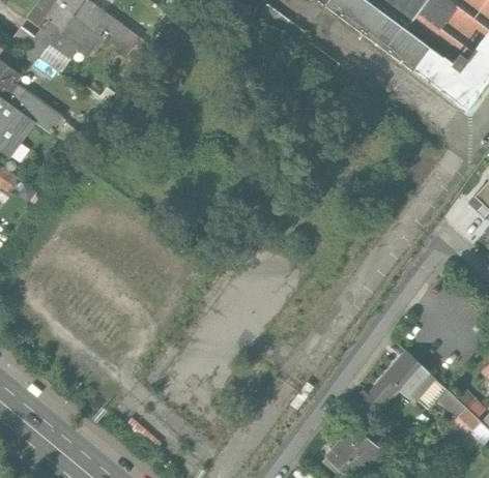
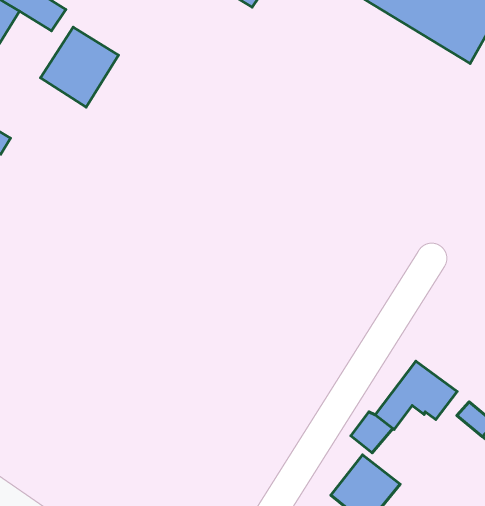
building: none -> [41,27,118,107]

